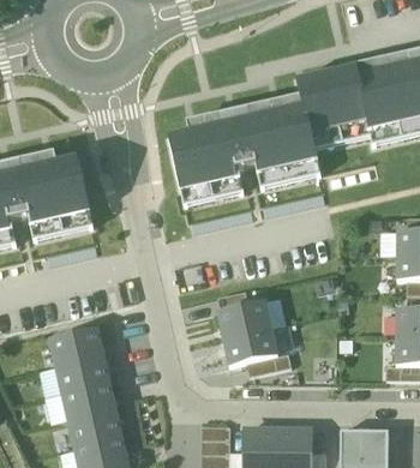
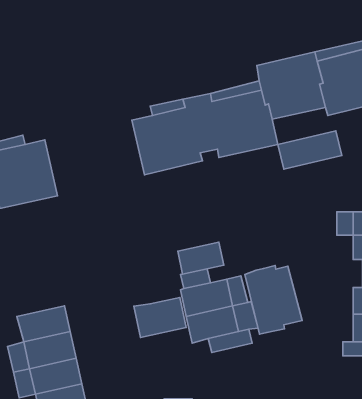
building: none -> [278,131,342,169]
building: none -> [178,242,224,274]
building: none -> [245,266,302,334]
building: none -> [134,298,186,337]

